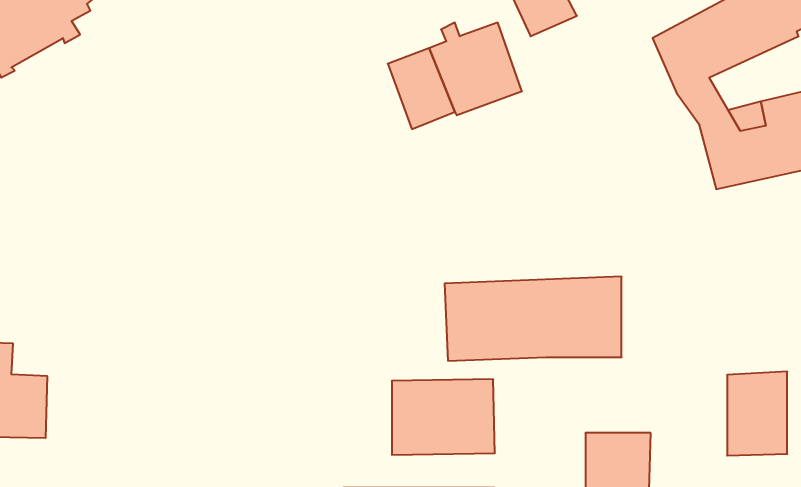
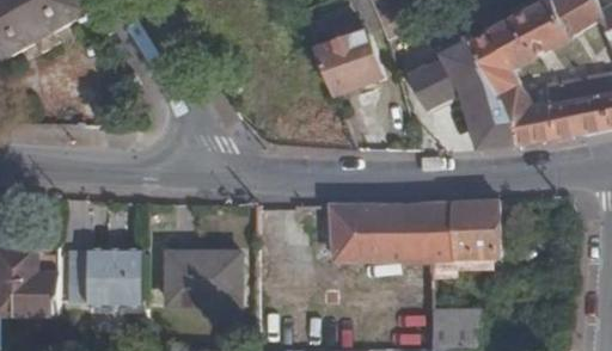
building: none -> [415,37,520,144]
building: none -> [85,250,139,303]
building: [727,372,787,456] -> [454,201,496,259]
building: [392,379,495,455] -> [167,253,239,306]

